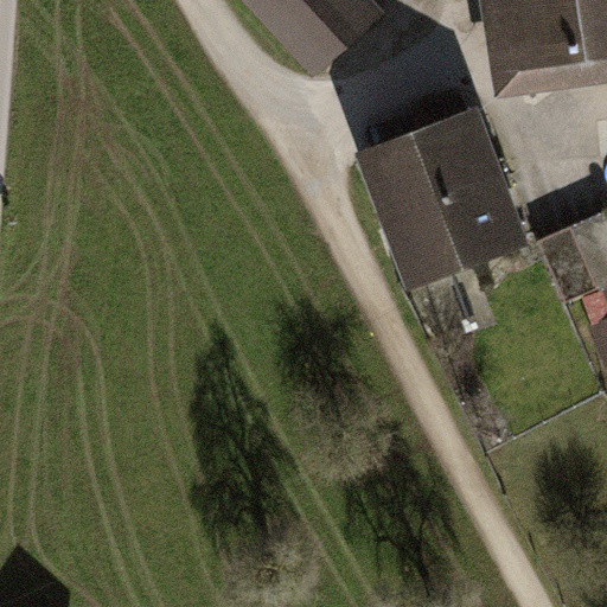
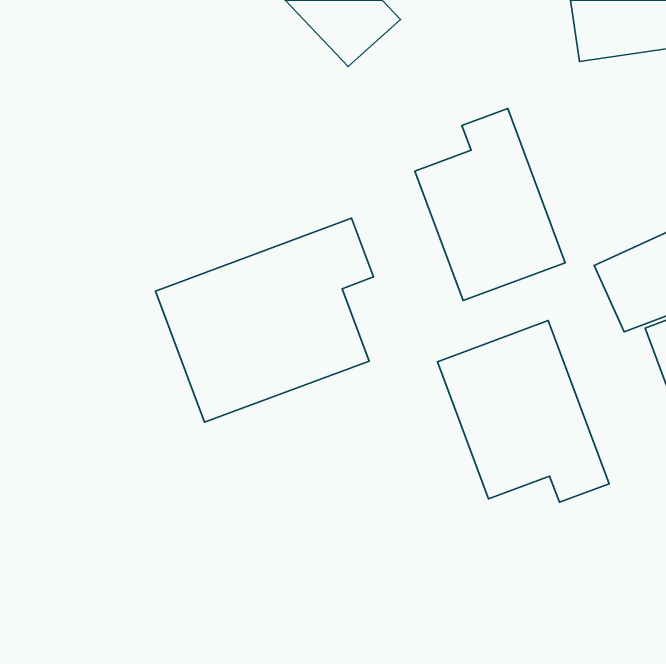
building: none -> [155,218,373,422]
building: none -> [437,320,609,502]

